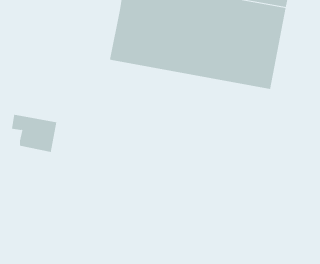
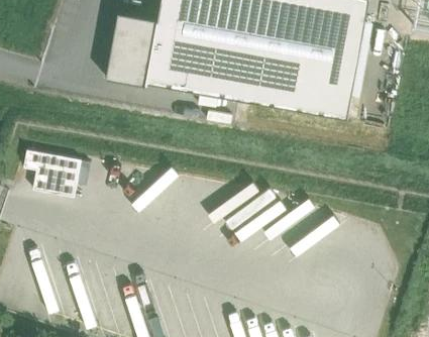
building: none -> [106,13,157,87]

